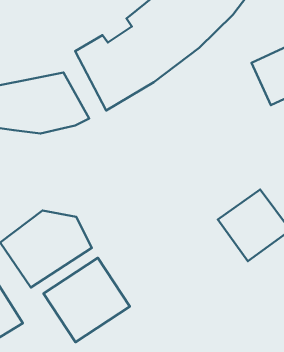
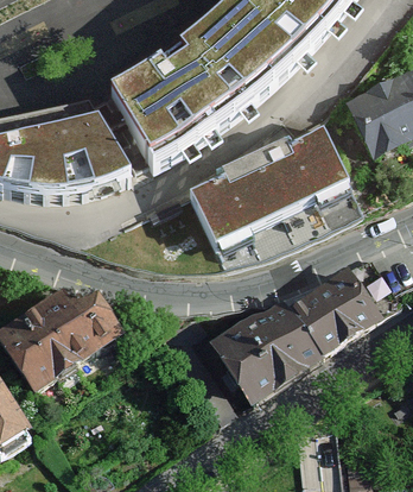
building: none -> [186,120,360,257]
building: none -> [222,296,338,410]
building: [43,258,130,342] -> none

